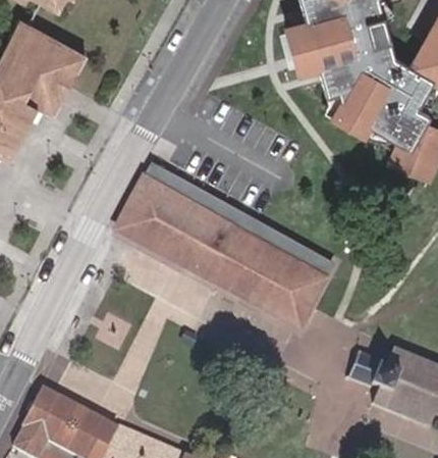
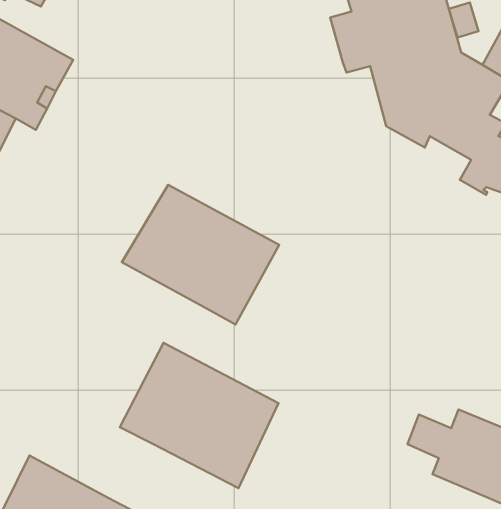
building: [210,213,333,325] -> none
building: none -> [120,343,279,488]

